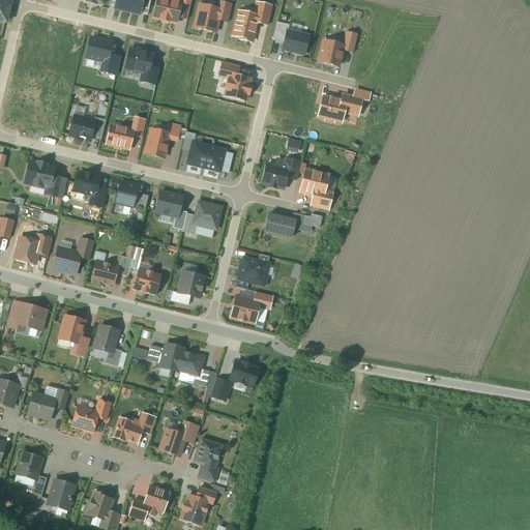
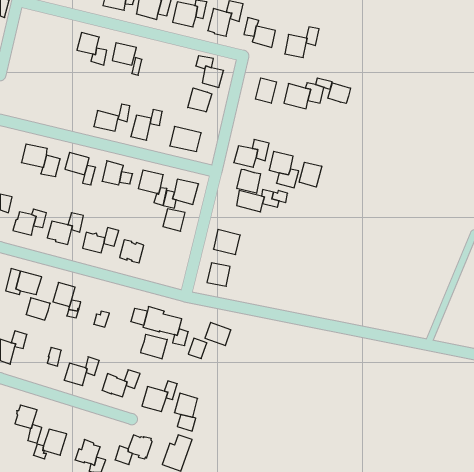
building: none -> [255,78,277,103]
building: none -> [328,83,351,103]
building: none -> [188,88,212,112]
building: [69,114,94,138] -> none
building: none -> [299,162,322,187]
building: none -> [237,169,260,193]
building: [178,268,203,293] -> [163,209,185,231]
building: [94,324,118,351] -> none
building: none -> [141,334,167,359]
building: [28,391,55,416] -> [26,298,50,320]

